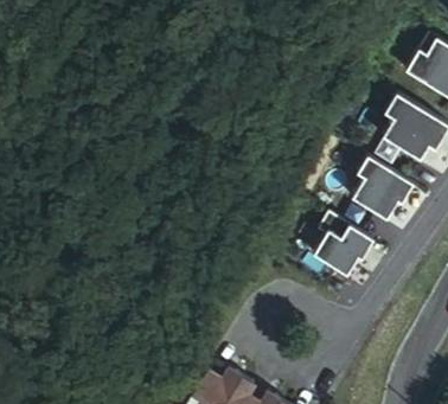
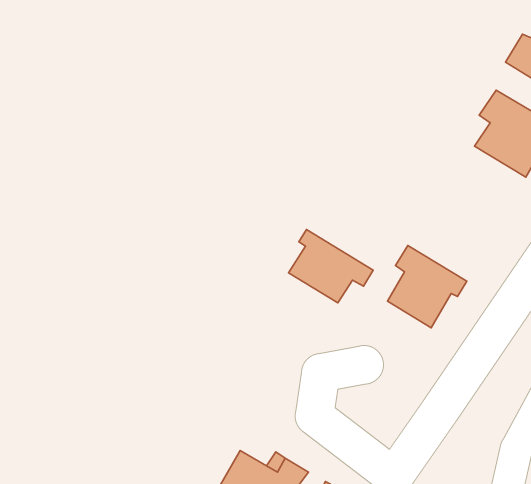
building: [353,156,415,219] -> none
building: none -> [289,230,373,303]

